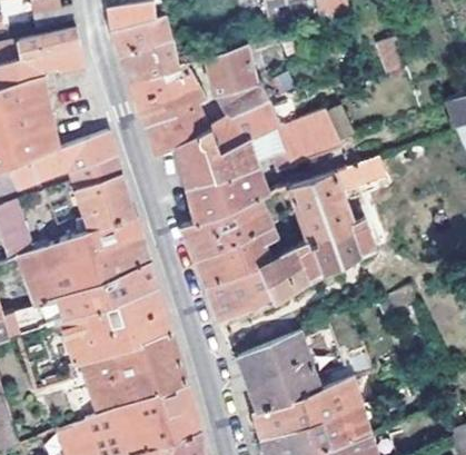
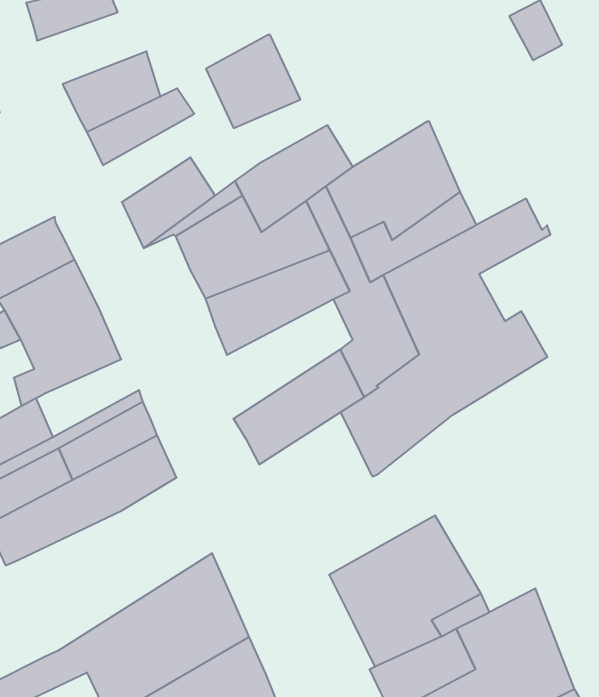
building: [112,20,173,58] -> none
building: [217,82,270,117] -> none
building: [140,83,205,128] -> none
building: [181,199,268,259] -> none
building: [85,217,143,256] -> none
building: [206,264,268,322] -> none
building: [62,288,172,379] -> none

